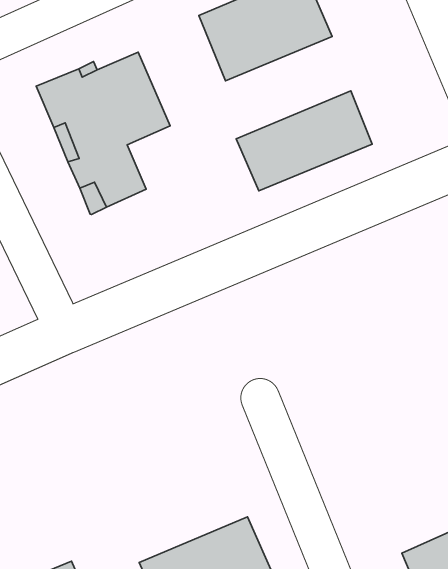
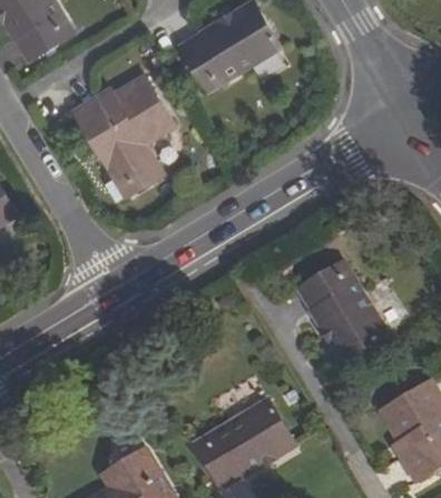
building: [236,91,372,191] -> none
building: none -> [297,261,386,361]

